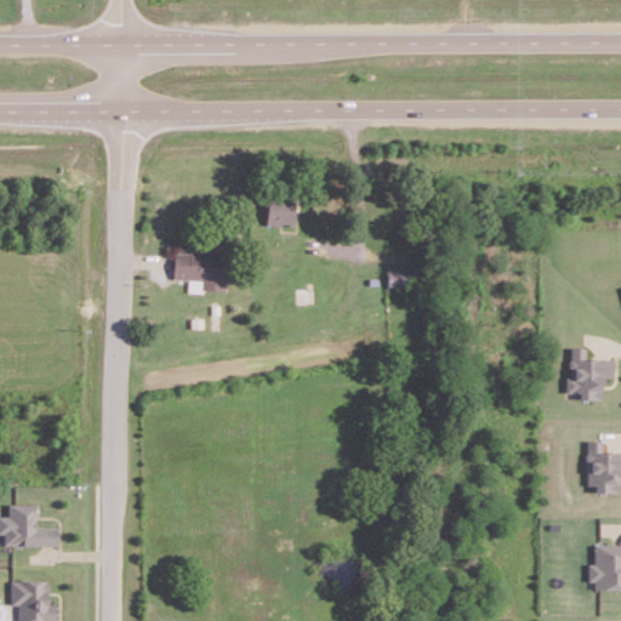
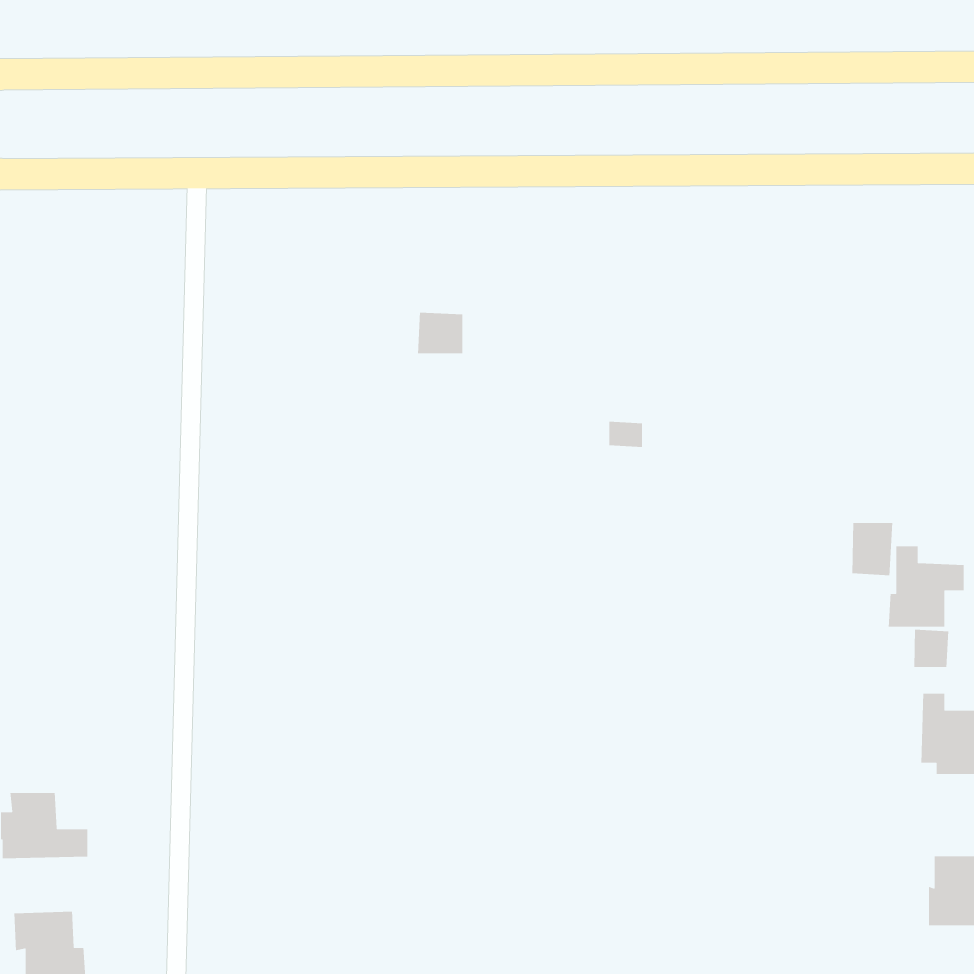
building: [173,253,227,291] -> none
building: none -> [852,522,893,576]
building: none -> [913,629,949,668]

